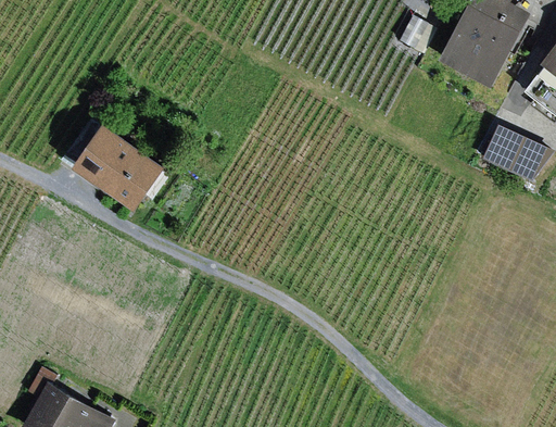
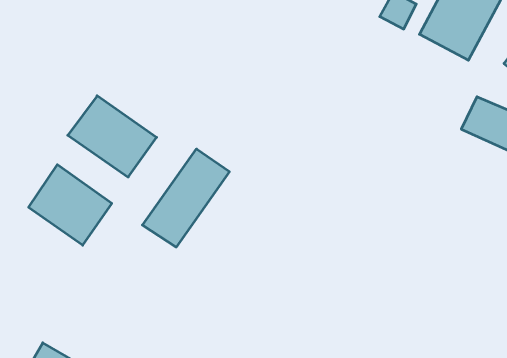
building: none -> [142,149,229,247]
building: none -> [29,165,112,245]

